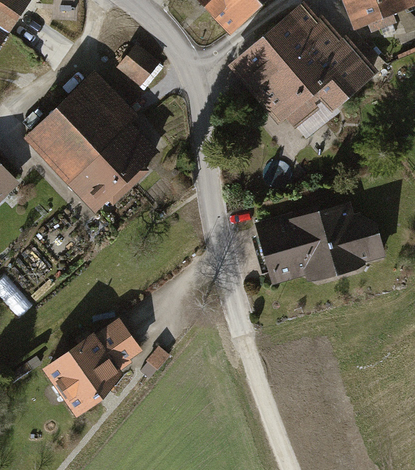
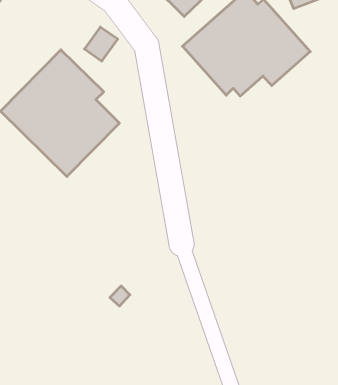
building: [254,197,384,288] -> none
building: [41,320,148,419] -> none

